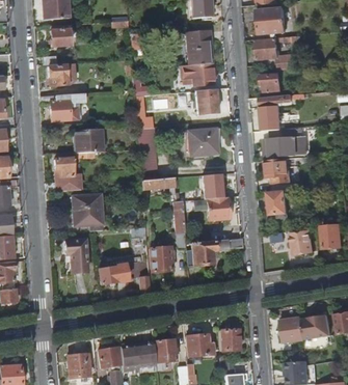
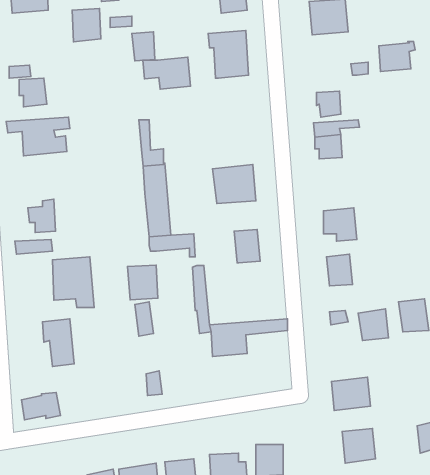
building: [50,24,71,48] -> [72,9,101,42]
building: [257,38,283,60] -> [379,41,415,72]
building: [182,63,216,86] -> [143,57,191,89]
building: [196,89,218,115] -> none
building: [269,129,298,157] -> none
building: [74,130,103,153] -> none
building: [207,197,230,220] -> none
building: [151,247,172,272] -> [127,265,158,300]
building: [100,265,128,284] -> [21,393,60,420]
building: [303,315,331,339] -> [331,377,370,410]

